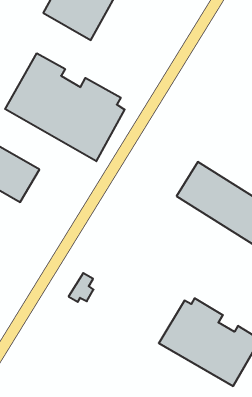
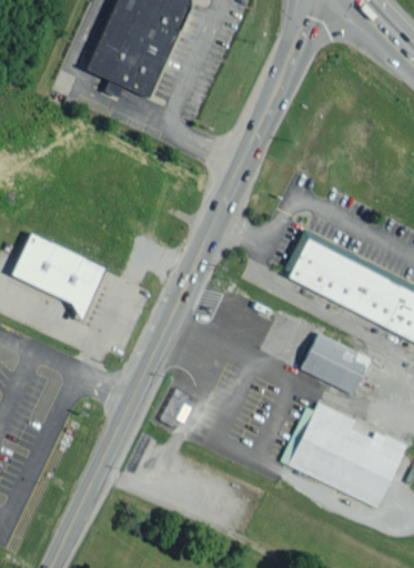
building: [5,53,125,161] -> none
building: none -> [300,335,368,394]

